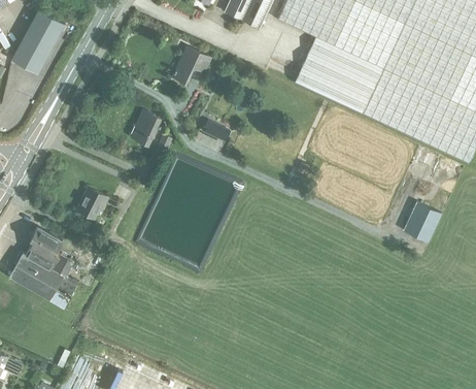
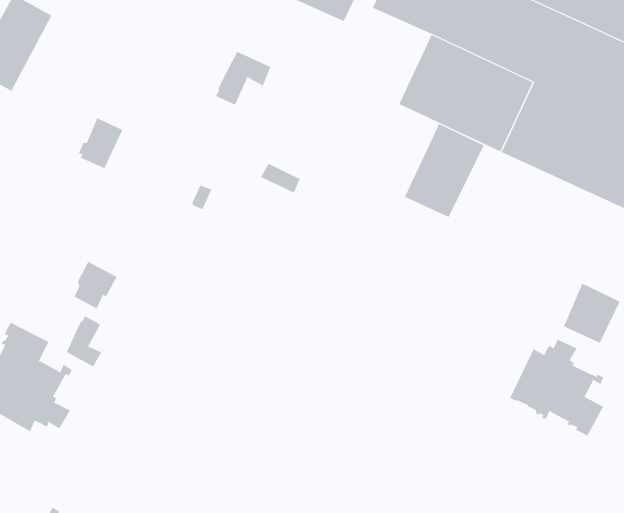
building: none -> [404,123,484,218]
building: [131,110,161,144] -> [78,118,123,169]
building: none -> [66,315,104,367]
building: none -> [510,339,604,436]

